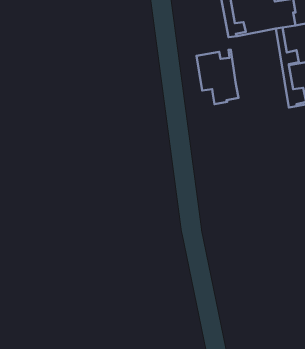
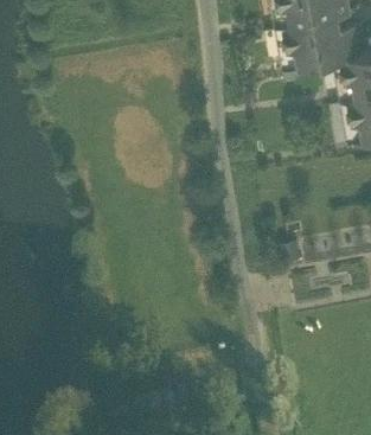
building: [196,50,238,104] -> none

